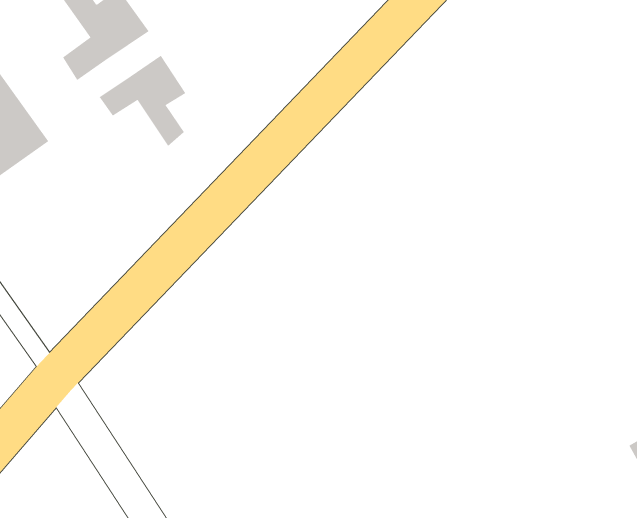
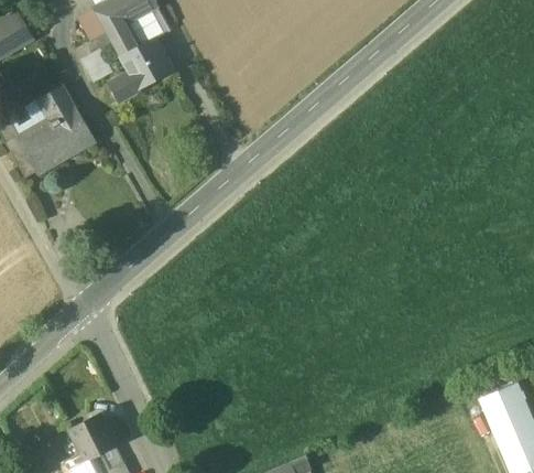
building: [99,55,186,147] -> none

